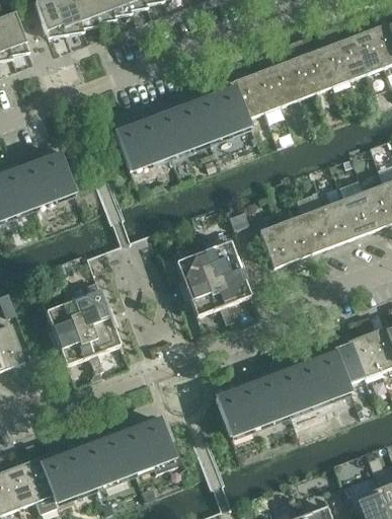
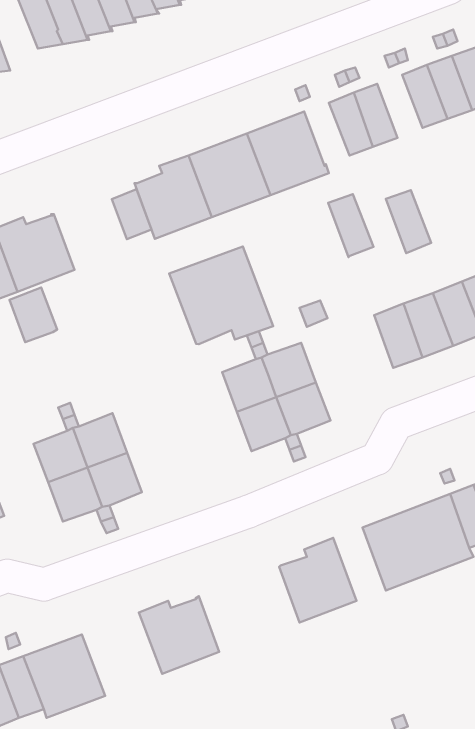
building: [285,56,316,99] -> [386,190,431,253]
building: [234,75,265,119] -> [328,194,373,257]
building: none -> [112,189,151,239]
building: none -> [169,246,273,344]
building: none -> [9,287,57,342]
building: [261,222,296,267] -> none
building: [254,369,291,420] -> none
building: [80,428,136,486] -> none

